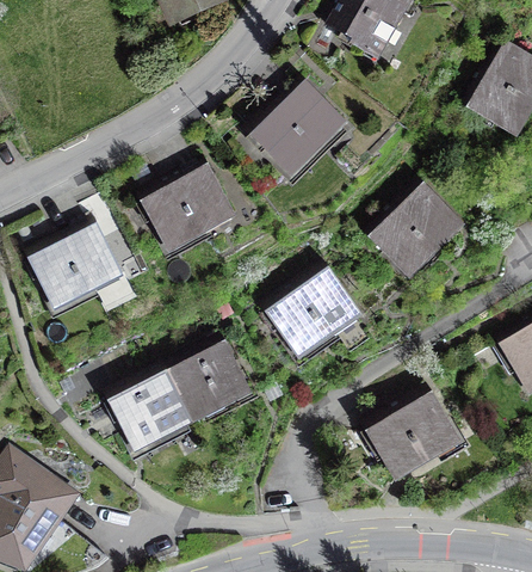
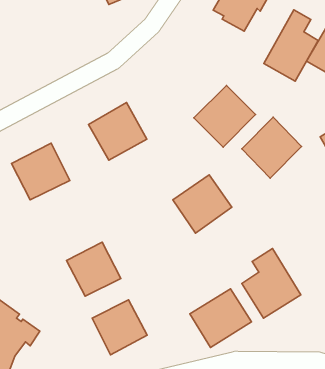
building: none -> [264,10,318,81]
building: [252,82,342,173] -> [194,85,256,147]
building: [166,342,247,423] -> [92,300,147,355]
building: none -> [190,289,252,348]

